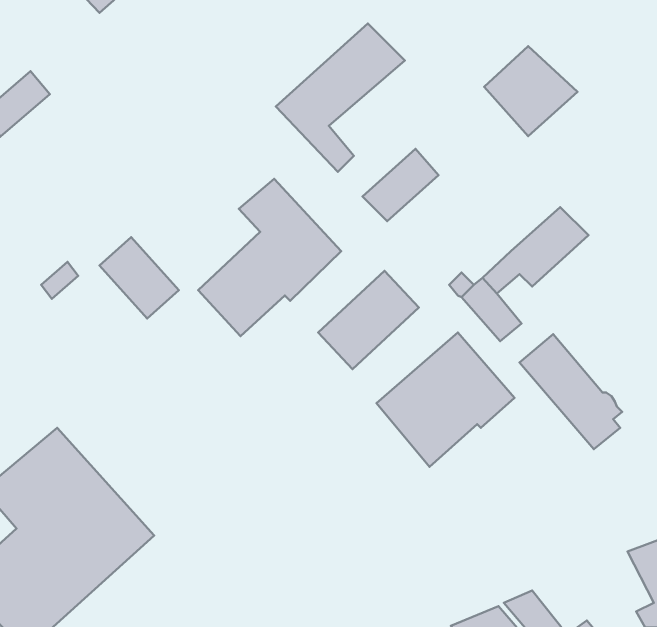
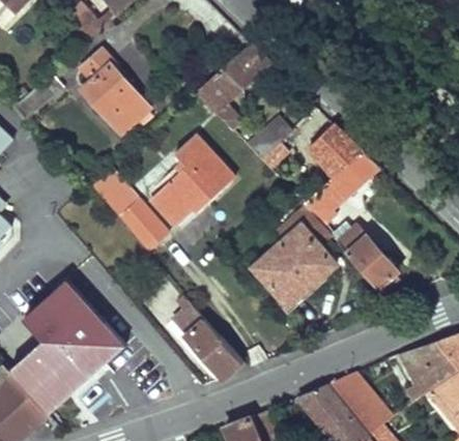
building: none -> [77,45,152,139]
building: [484,46,578,136] -> [307,124,362,177]
building: [318,271,419,369] -> none
building: none -> [119,200,168,253]
building: none -> [171,295,241,378]

